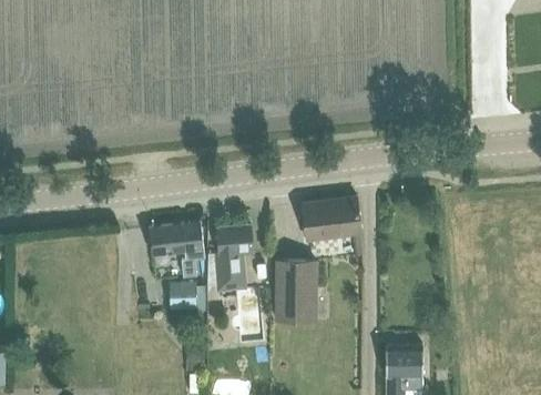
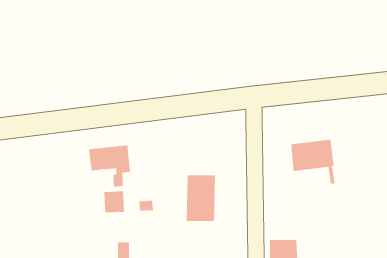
building: [303,198,361,256] -> [290,139,335,184]
building: [214,226,252,286] -> none

